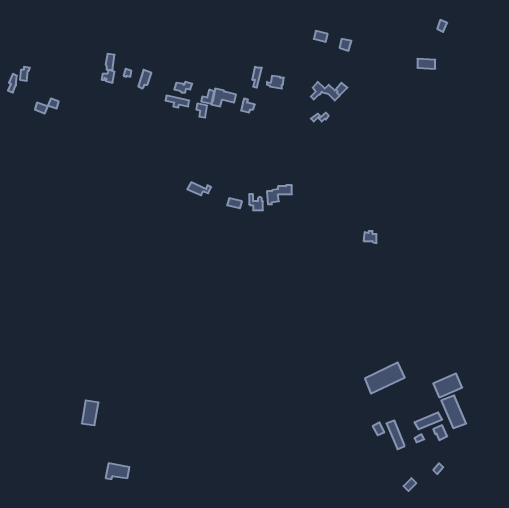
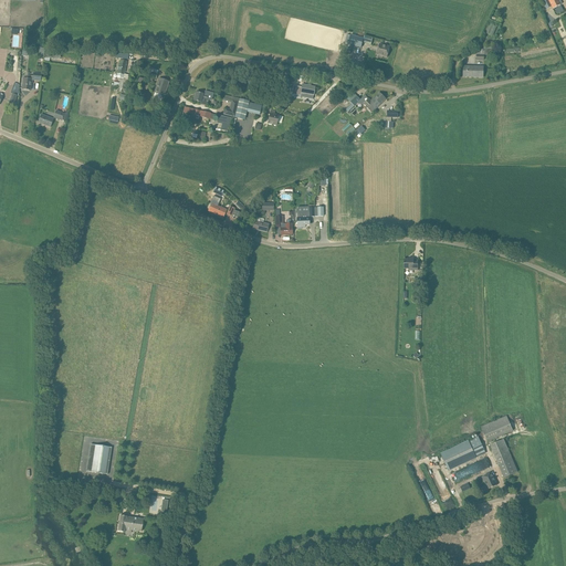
building: [365,363,405,394] -> [441,436,485,470]

